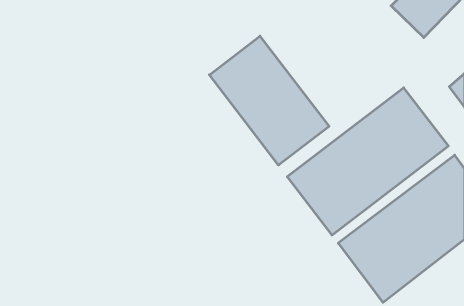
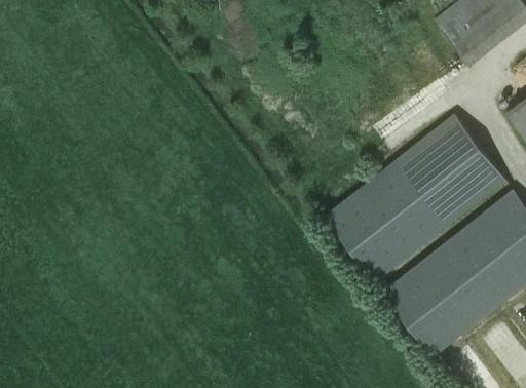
building: [209,36,329,165] -> none

